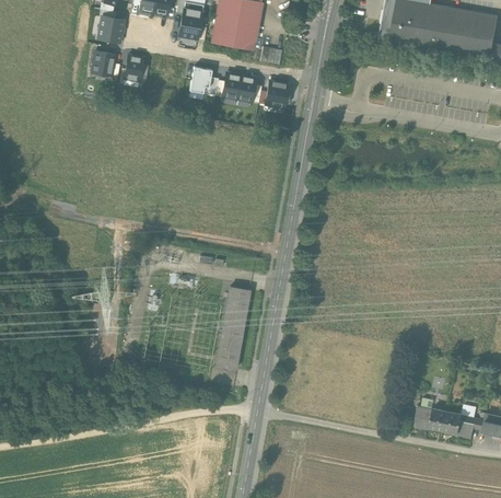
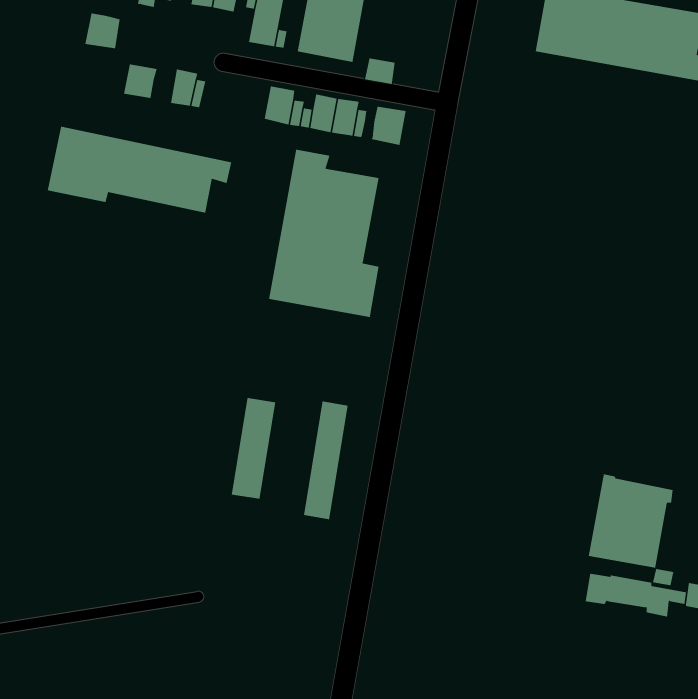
building: [97,16,123,42] -> [85,13,121,49]
building: none -> [47,126,232,214]
building: none -> [268,149,379,318]
building: none -> [231,397,276,499]
building: none -> [588,474,673,569]

